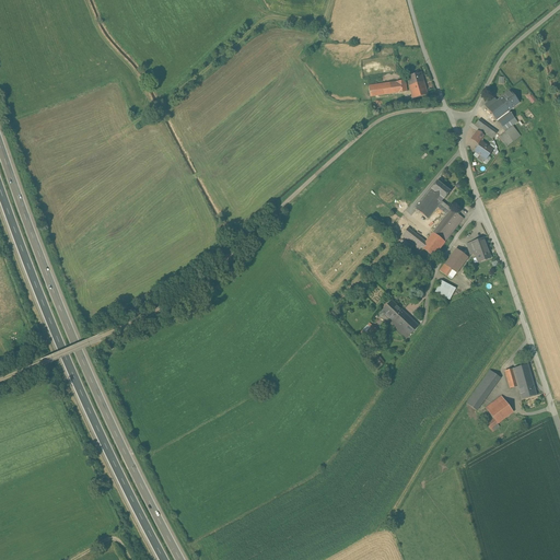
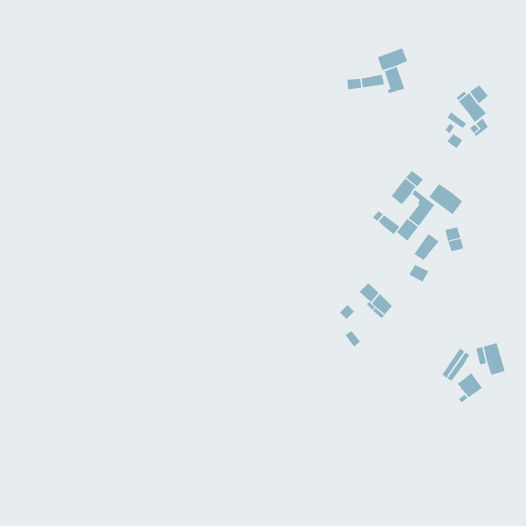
building: none -> [377,48,408,71]
building: none -> [429,183,463,215]

